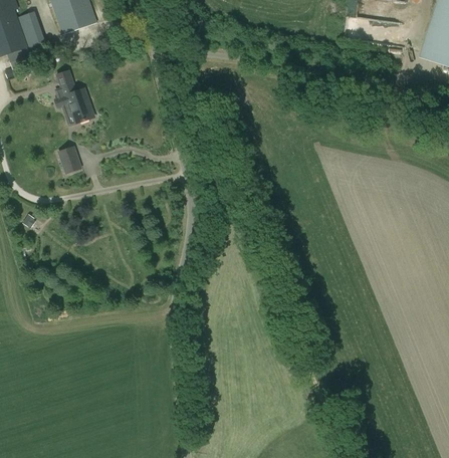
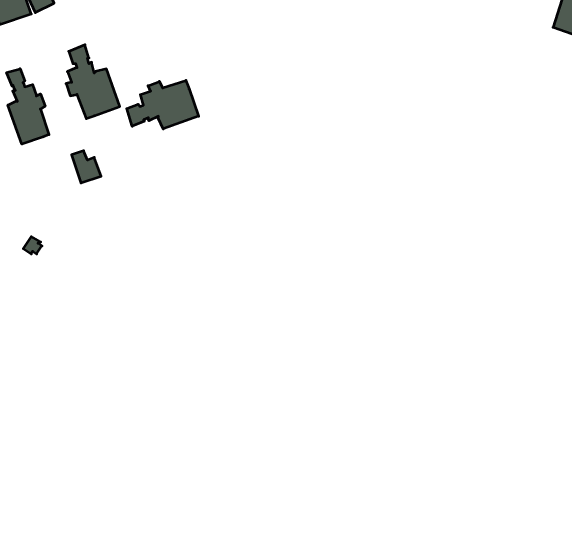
building: none -> [7,69,49,144]
building: none -> [127,80,199,129]

